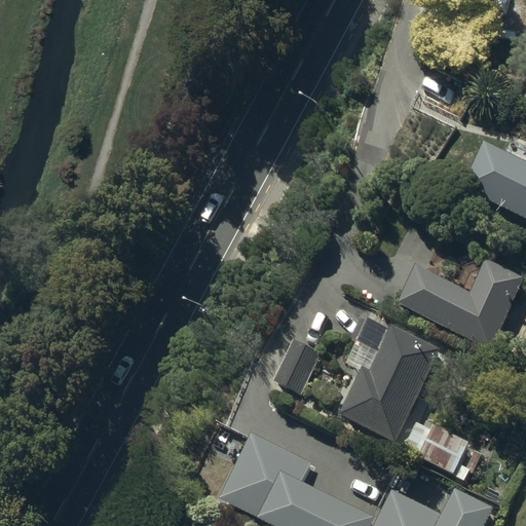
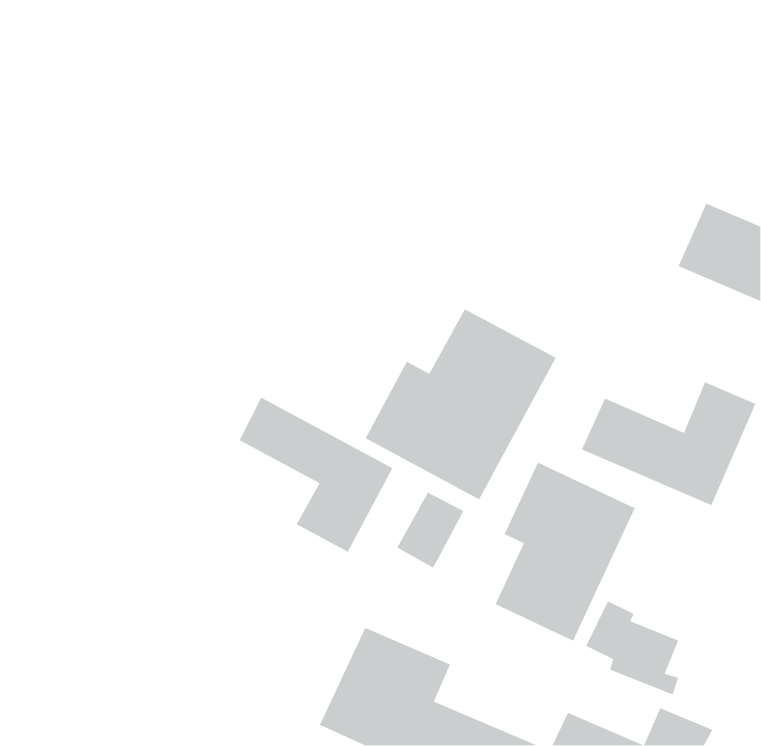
building: none -> [365,308,557,500]
building: none -> [238,396,394,553]

